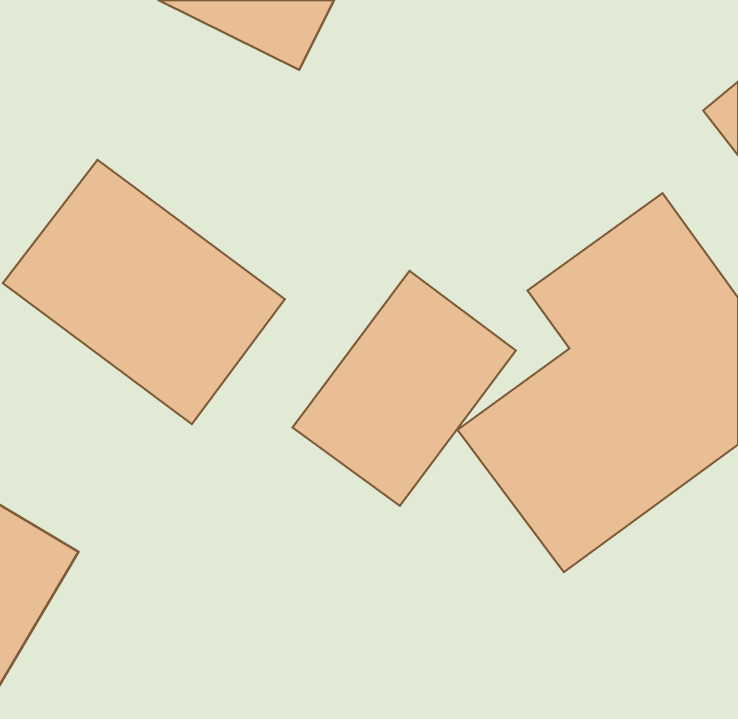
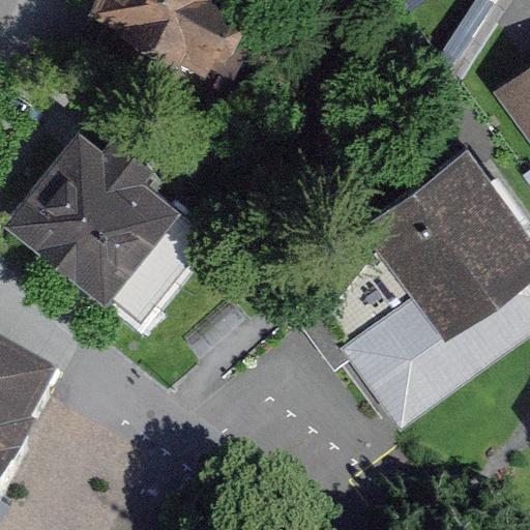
building: [293,271,516,506] -> none

